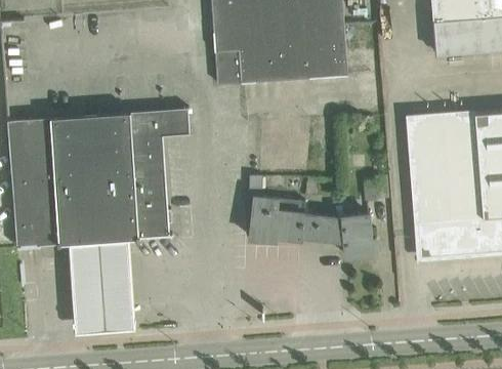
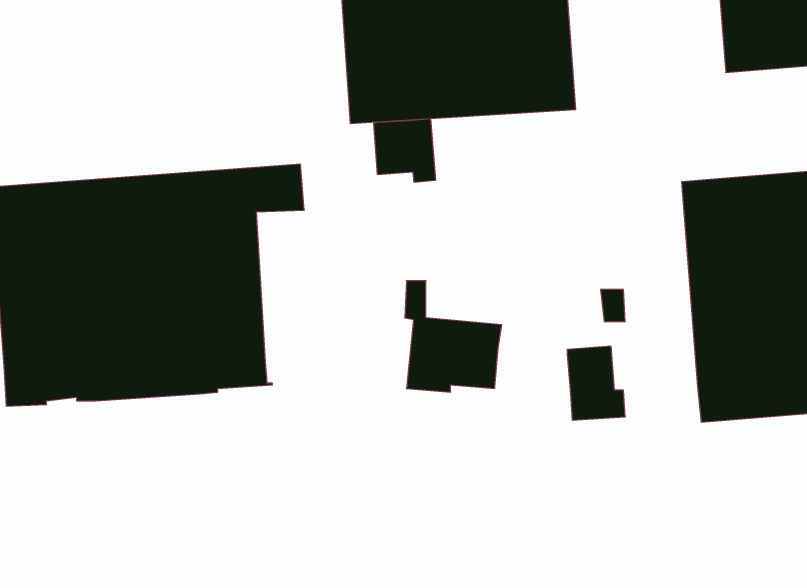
building: none -> [374,119,436,182]
building: [301,214,345,241] -> none
building: [70,241,136,339] -> none

